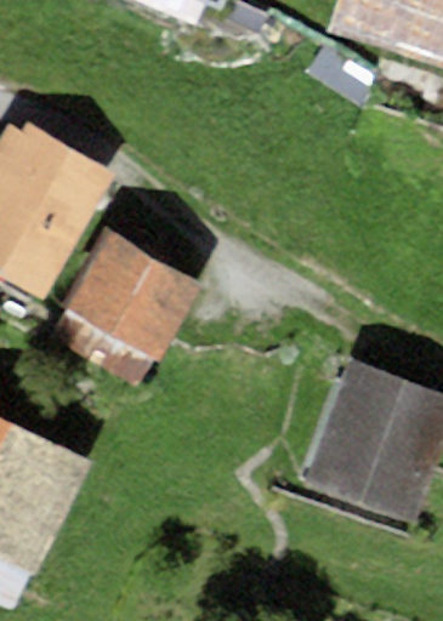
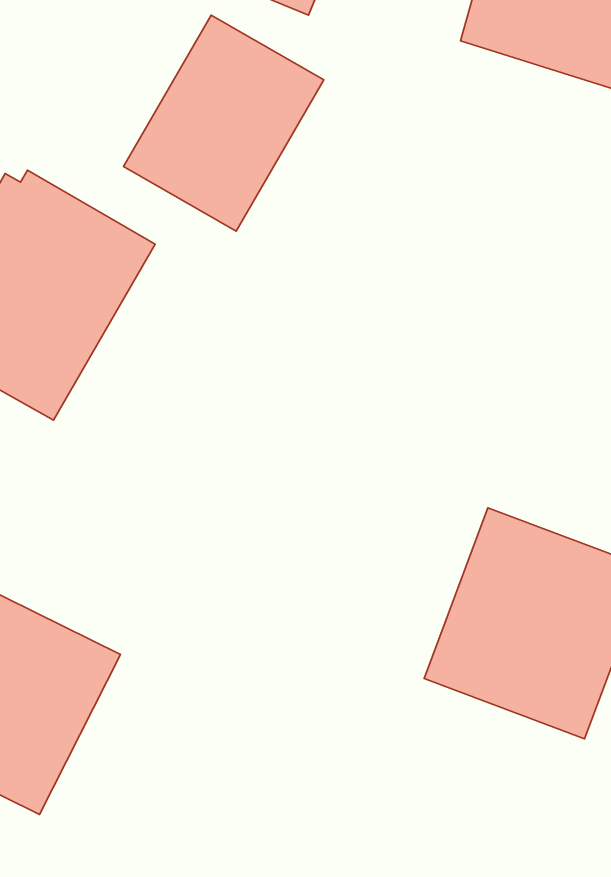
building: none -> [124,15,324,231]
building: [56,229,203,381] -> none

